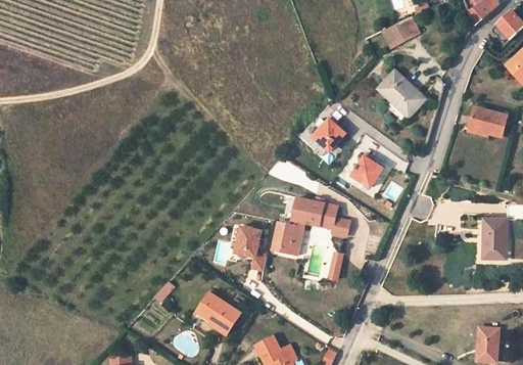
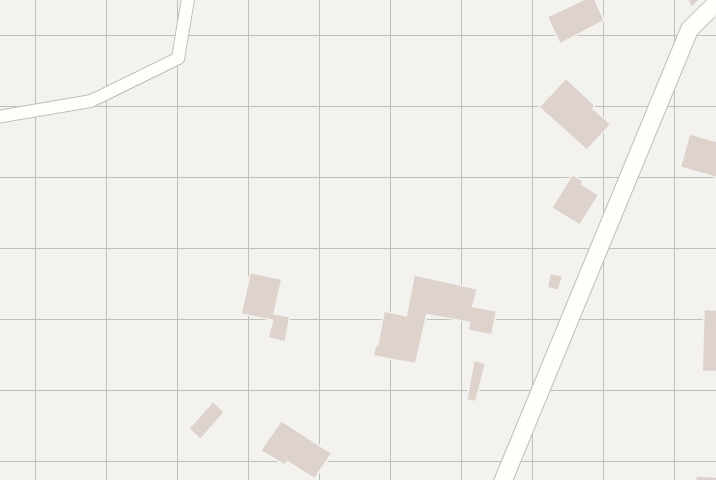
building: [313,117,345,151] -> none
building: [351,154,382,187] -> [551,175,599,225]
building: [234,226,266,271] -> [241,273,290,342]

